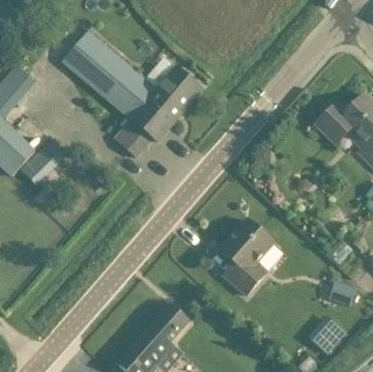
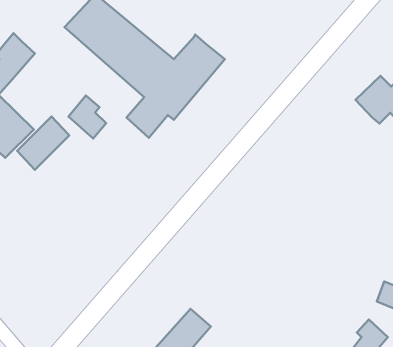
building: none -> [69,96,106,139]
building: [223,219,274,295] -> none

